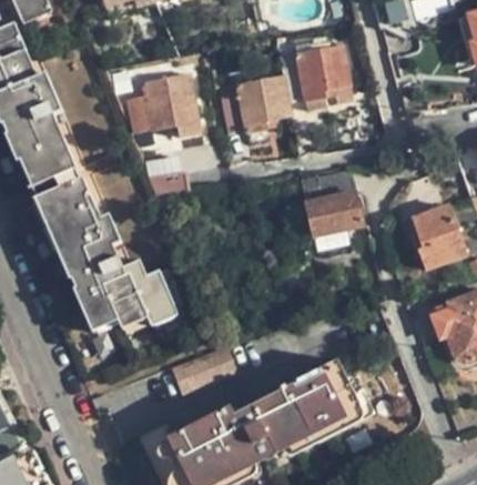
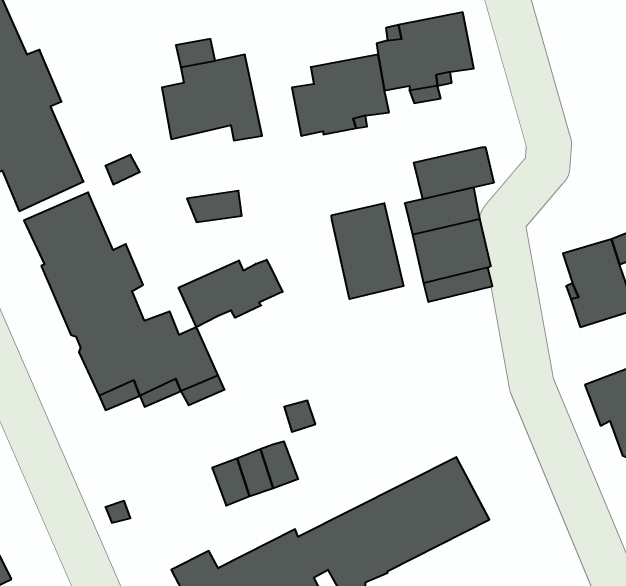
building: none -> [414,147,494,199]
building: none -> [332,203,404,299]
building: none -> [179,260,283,327]

